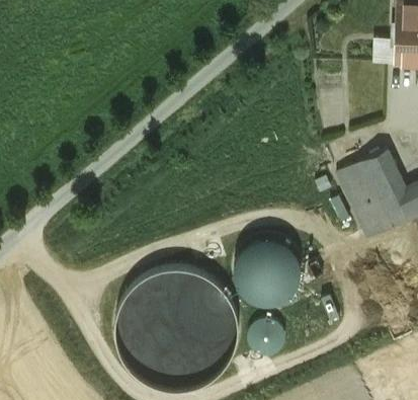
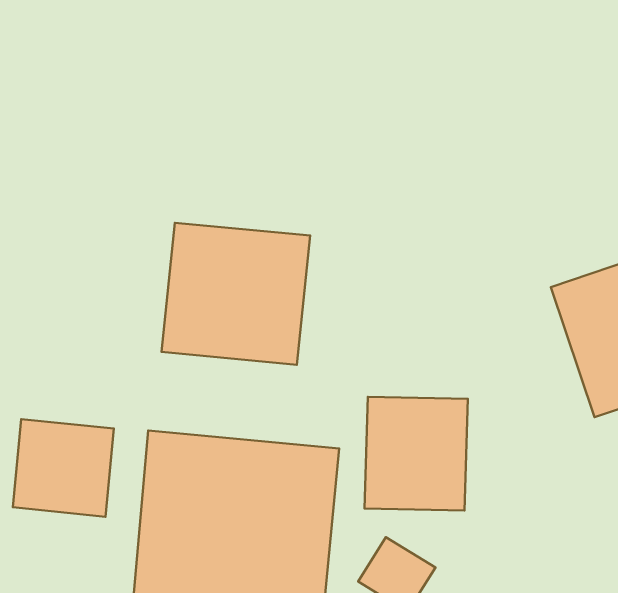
building: none -> [161,223,310,365]
building: none -> [13,419,114,517]

